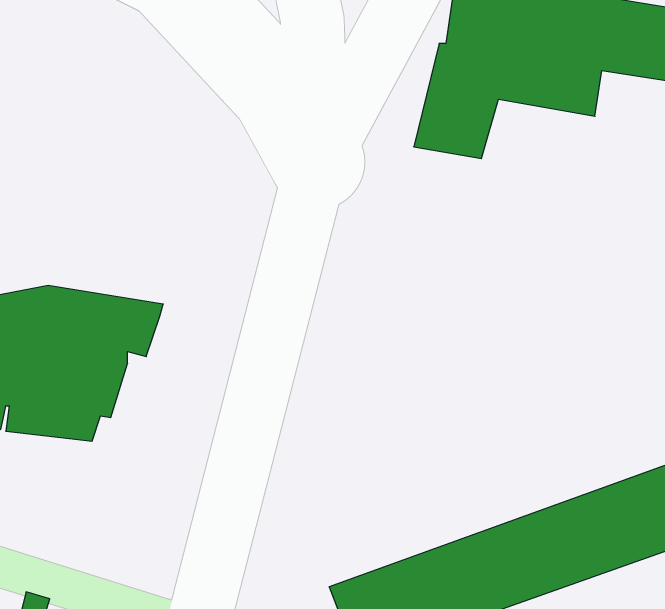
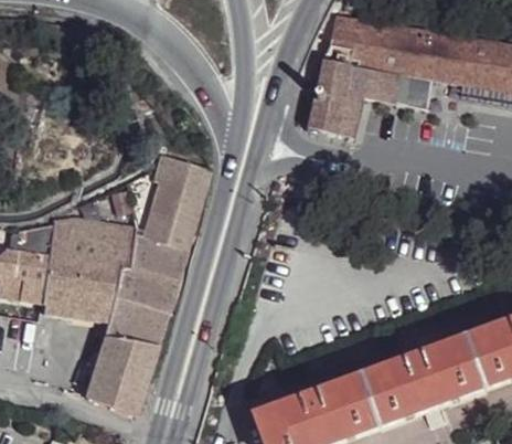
building: none -> [84,158,213,416]

